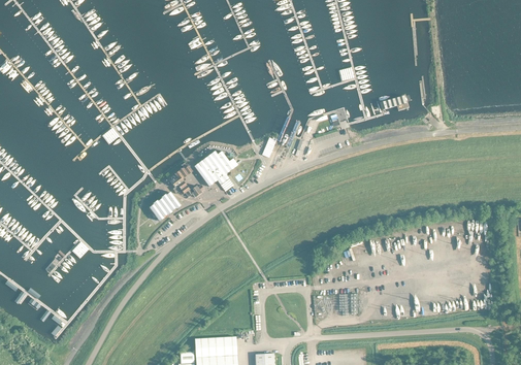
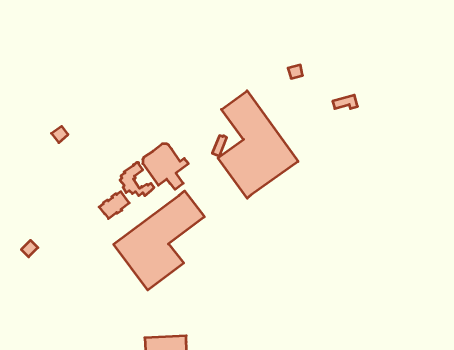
building: none -> [218,91,298,198]
building: none -> [114,191,204,290]

